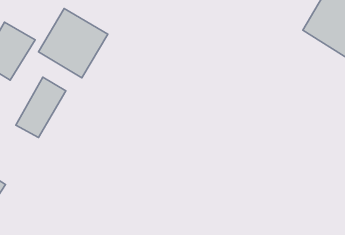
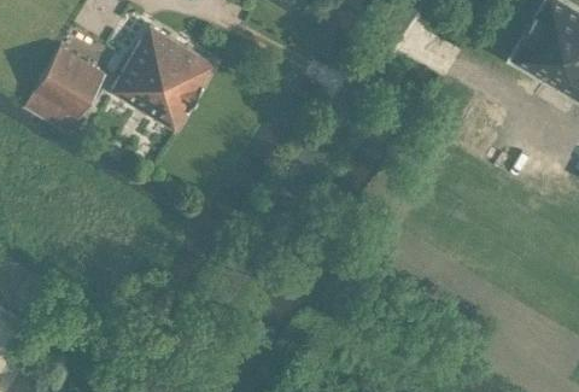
building: [16,77,66,137] -> none

